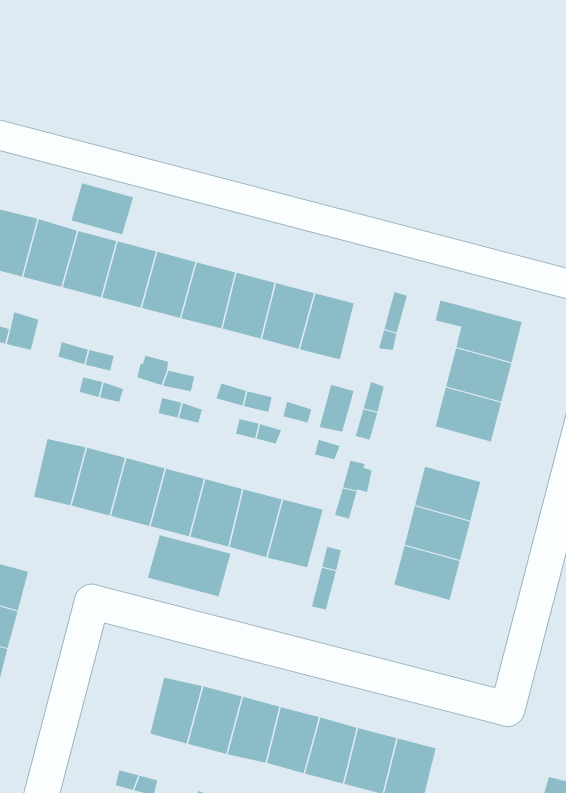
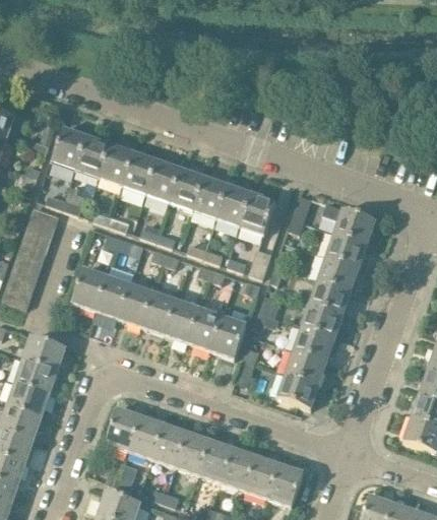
building: [71,182,134,235] -> none
building: none -> [309,279,351,315]
building: [147,535,231,597] -> none
building: none -> [275,373,318,409]
building: none -> [106,408,141,451]

